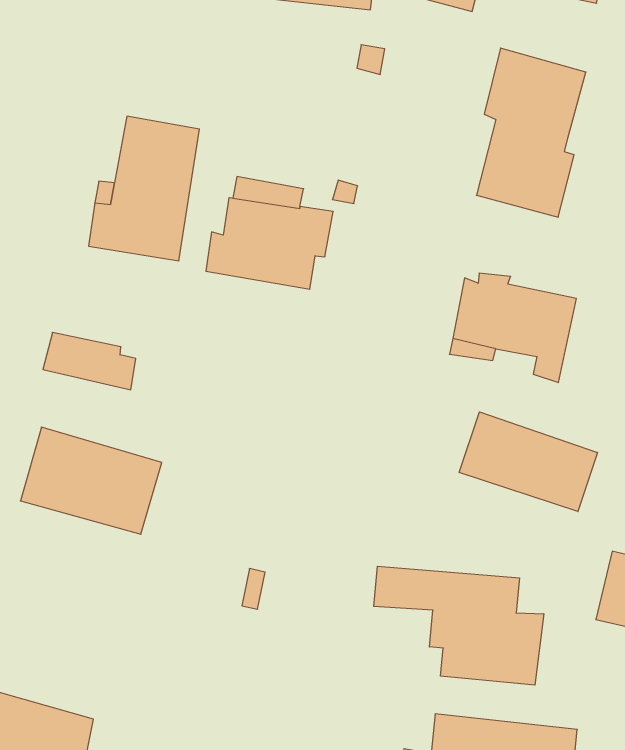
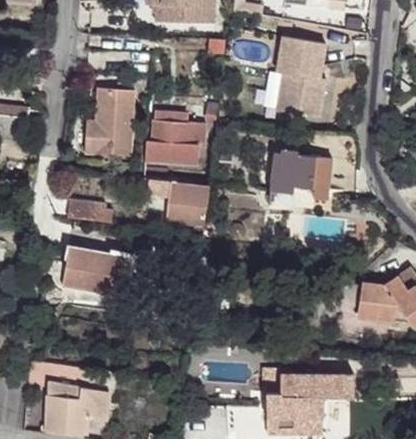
building: none -> [164,182,209,238]
building: [459,412,597,512] -> none
building: [374,566,544,685] -> none

